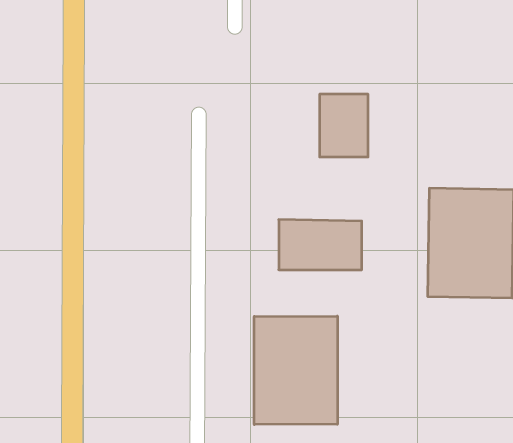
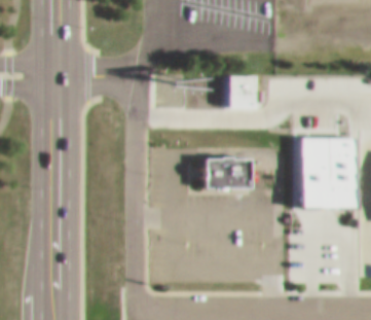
building: [254,316,337,425] -> none

